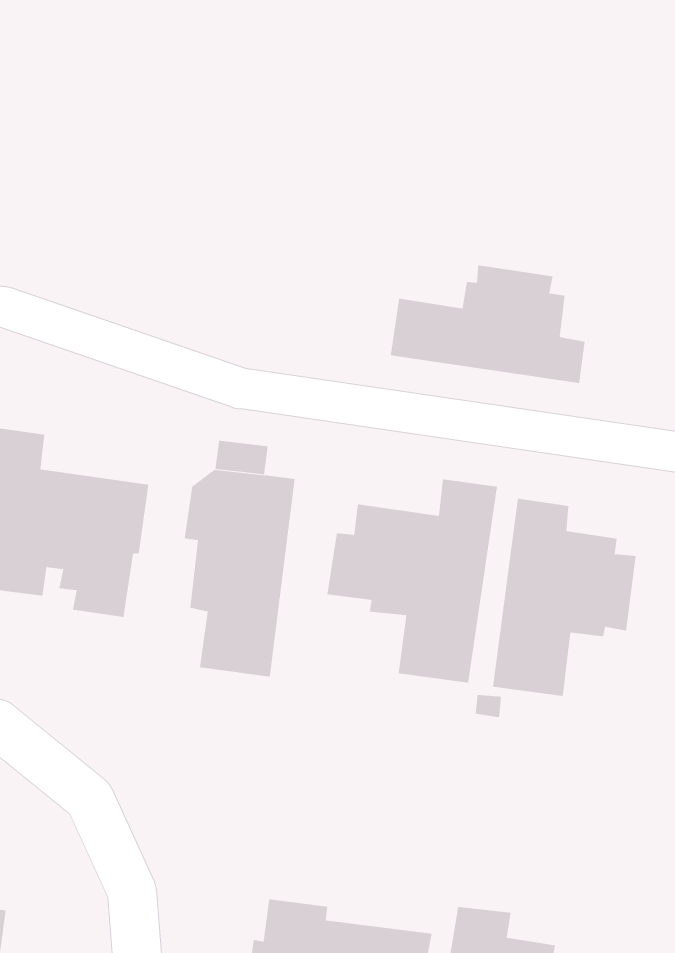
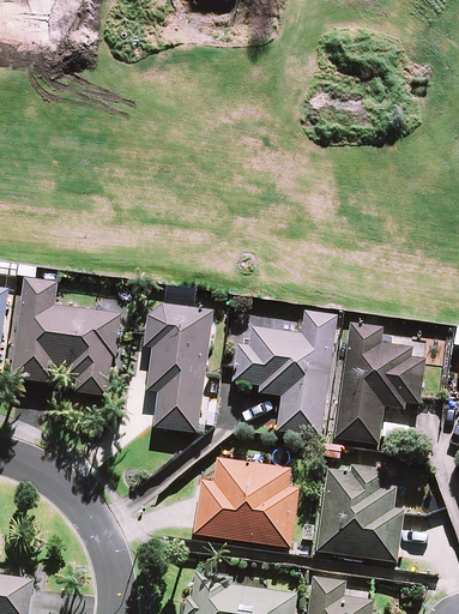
building: [390,265,585,384] -> none
building: none -> [193,457,298,547]
building: none -> [316,464,404,561]

